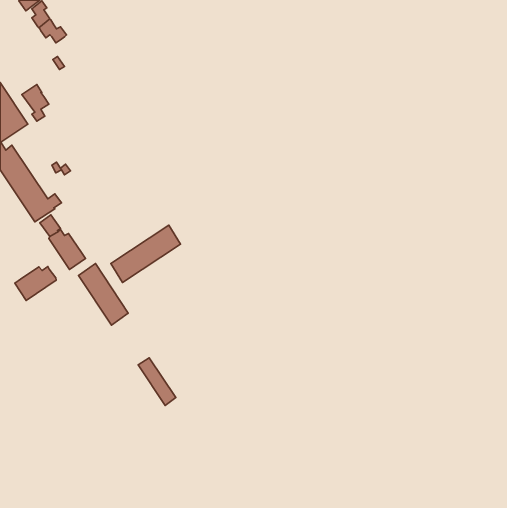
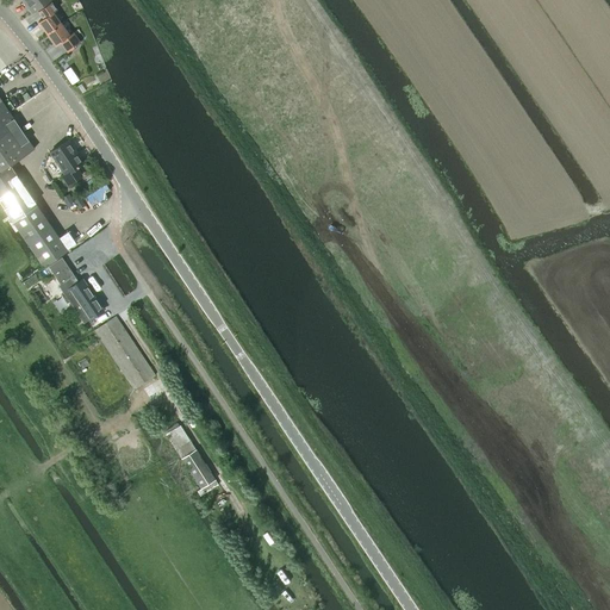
building: [22,84,49,121] -> [50,141,82,185]
building: [111,225,180,282] -> none
building: [15,266,56,300] -> none

